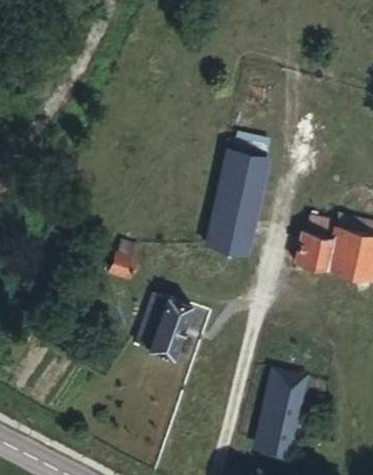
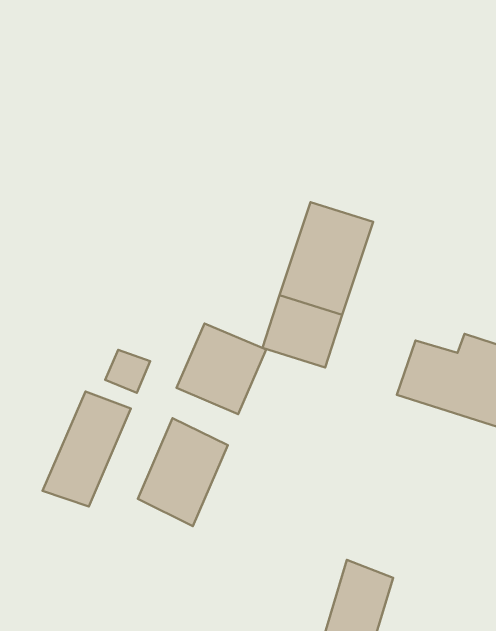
building: none -> [177,323,266,414]
building: none -> [43,391,131,507]

